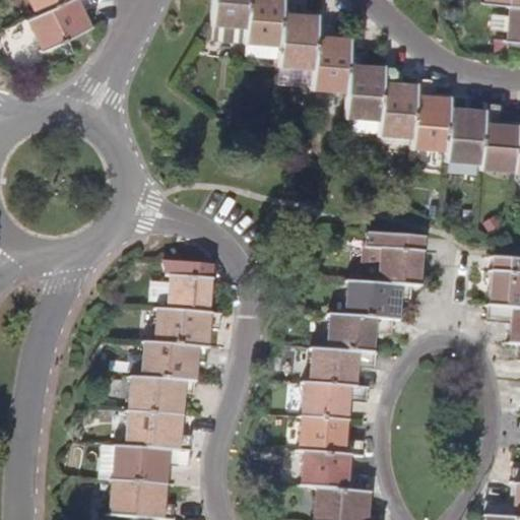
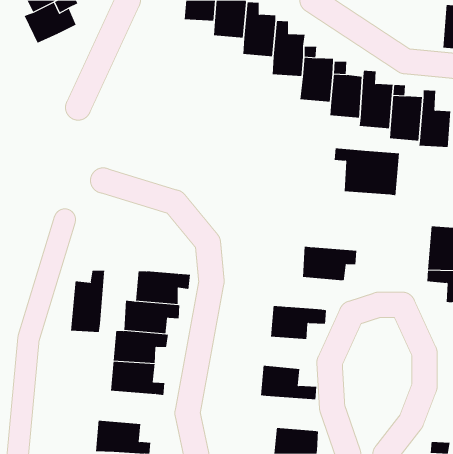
building: [345,233,420,287] -> [334,148,400,196]
building: [169,262,209,313] -> none
building: none -> [70,270,105,333]
building: [328,316,393,353] -> none
building: [302,384,368,421] -> none
building: [113,446,179,484] -> none
building: [302,453,366,493] -> none

